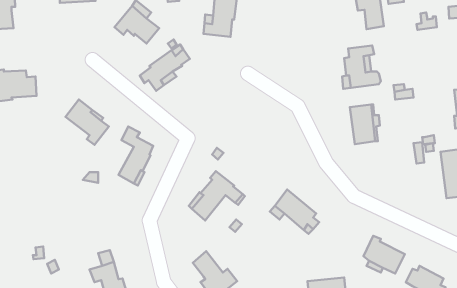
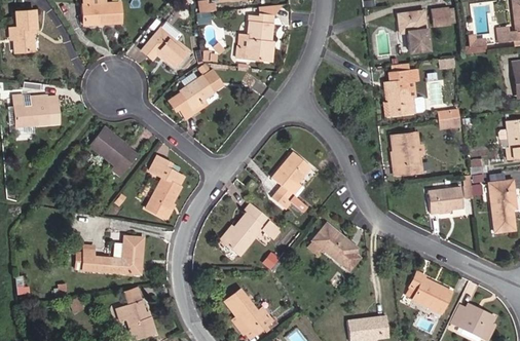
building: none -> [271,152,310,211]
building: none -> [428,187,463,214]
building: none -> [75,236,144,274]

